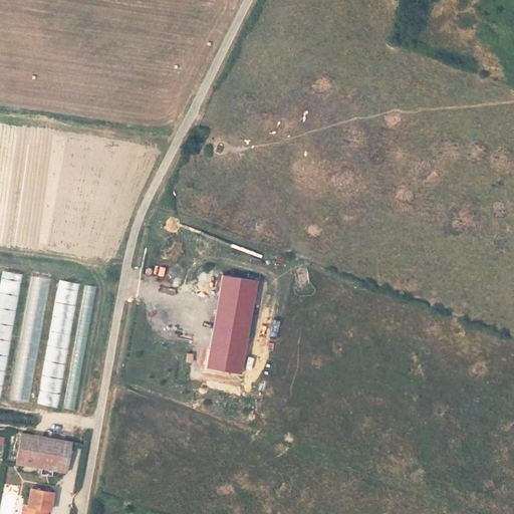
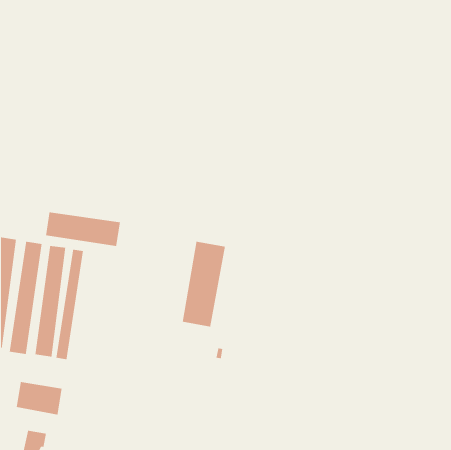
building: none -> [45,211,121,247]

